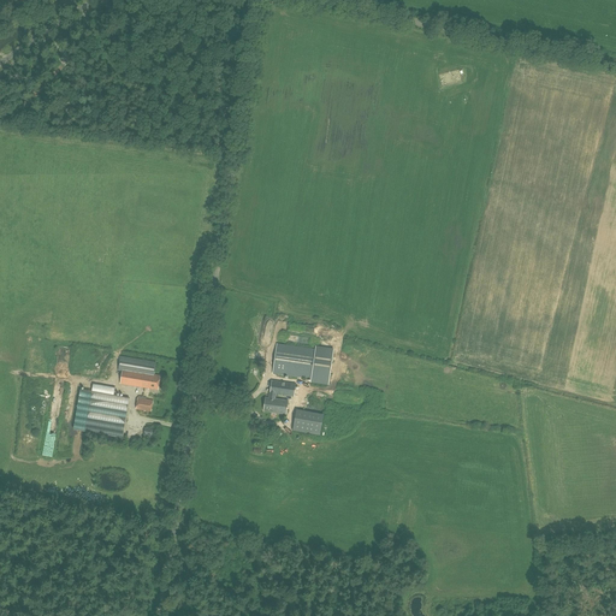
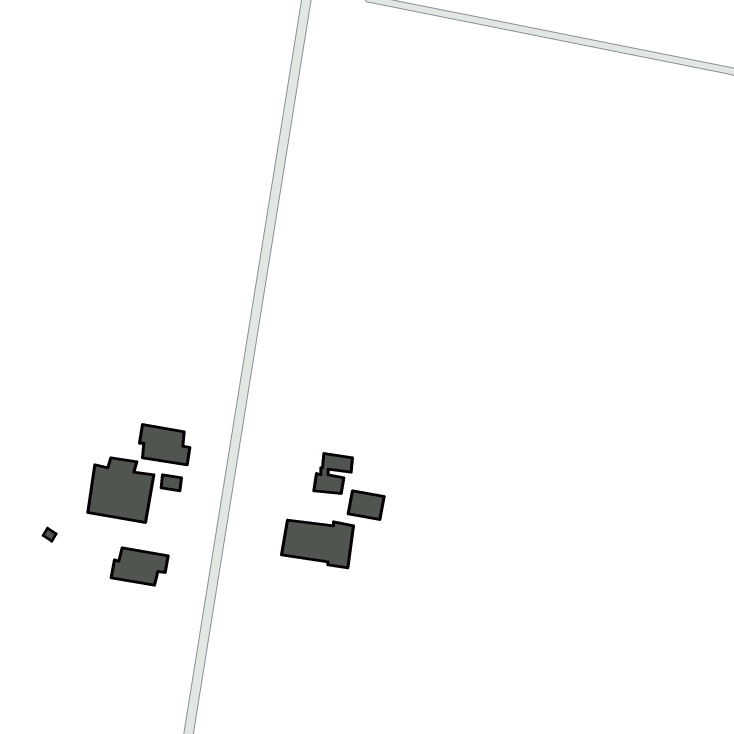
building: [272,343,332,383] -> [282,520,354,568]
building: none -> [111,548,168,585]

